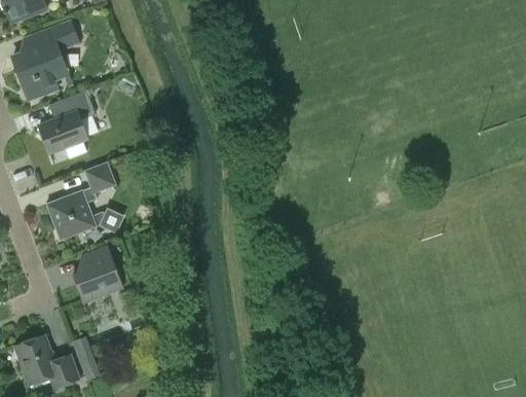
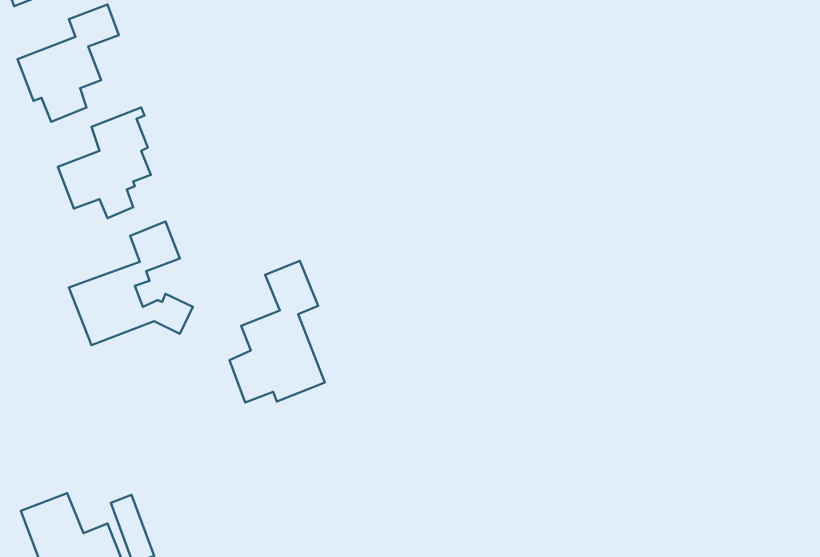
building: none -> [230,261,325,402]
building: [72,246,122,301] -> none

